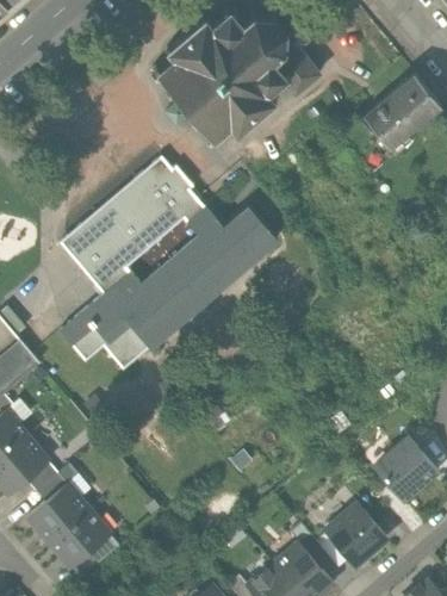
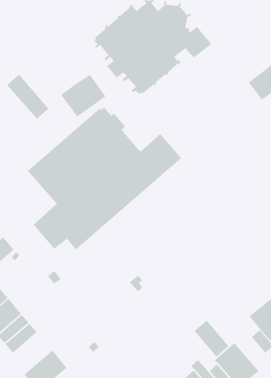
building: none -> [7,74,49,120]
building: none -> [60,74,106,118]
building: none -> [193,320,229,358]
building: [27,484,91,545] -> none

